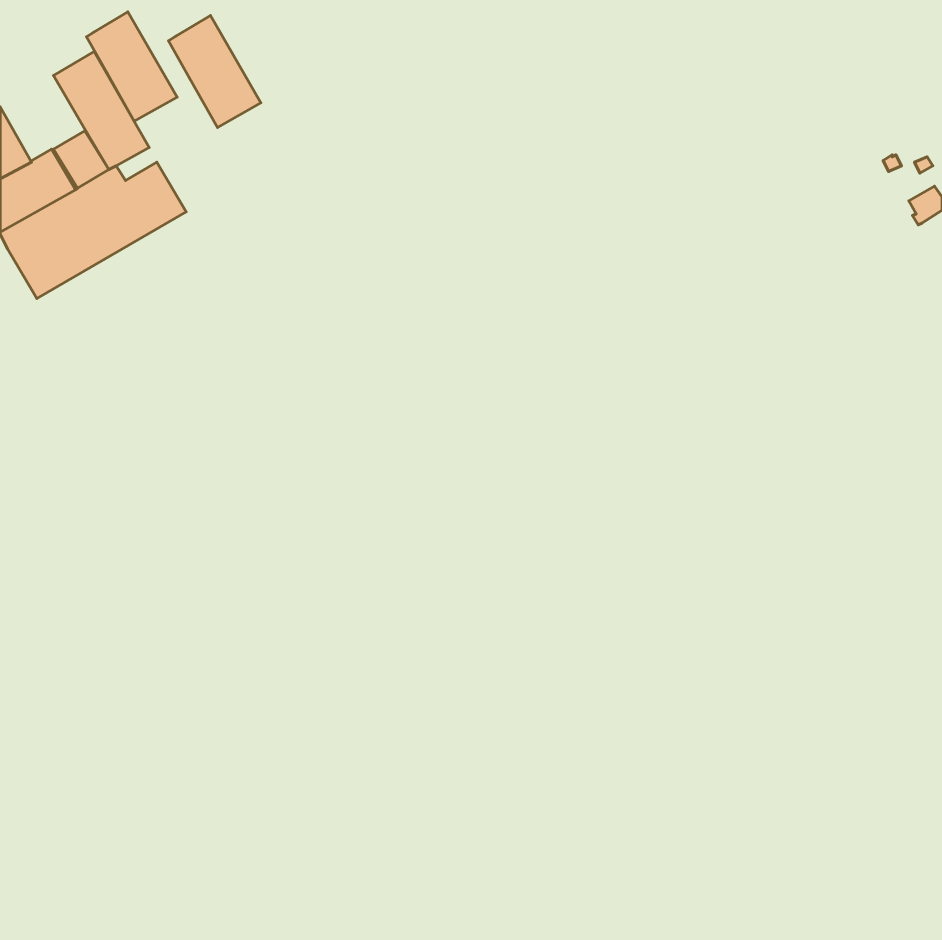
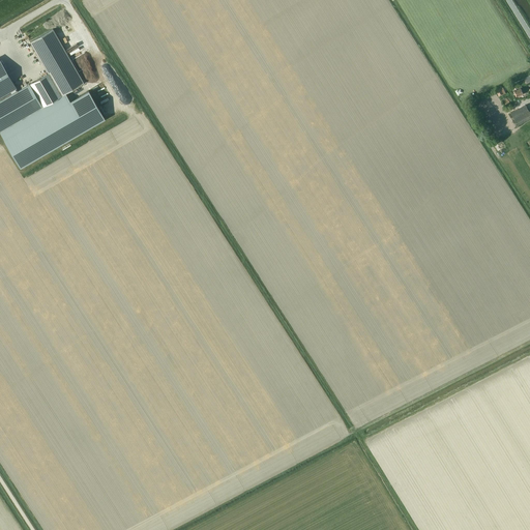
building: [87,12,177,121] -> none
building: [168,15,261,128] -> none

